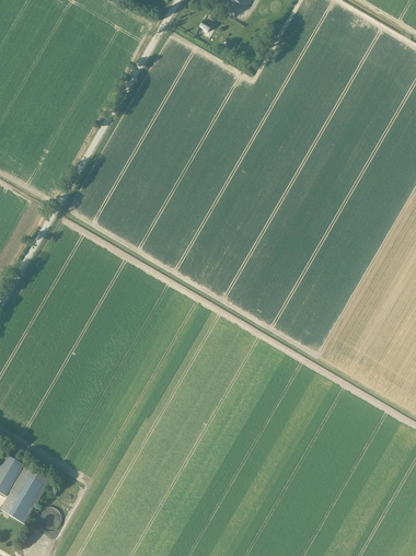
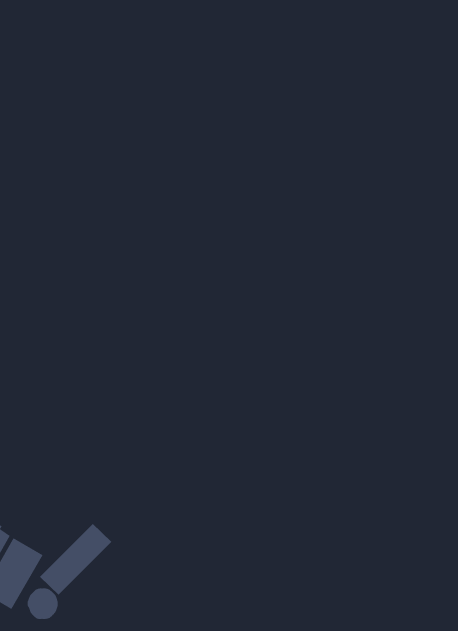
building: none -> [39,523,112,596]

